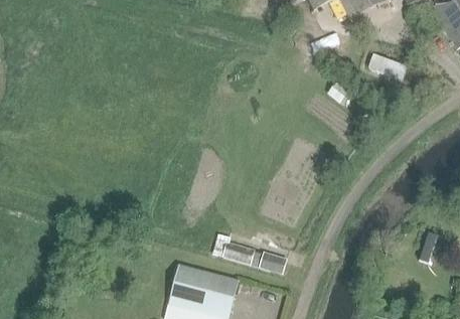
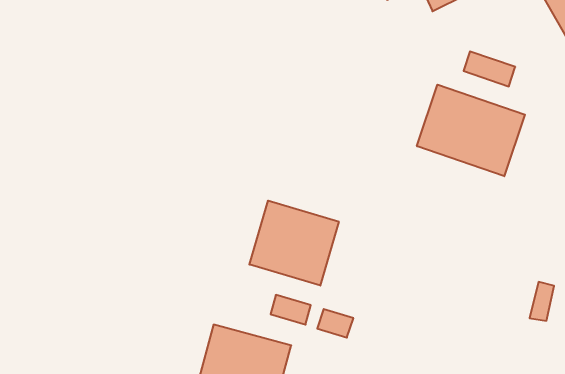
building: none -> [417,85,525,176]
building: none -> [249,201,339,286]

